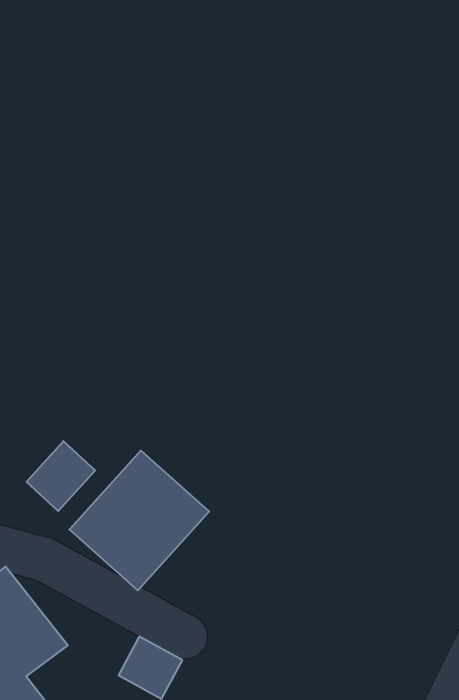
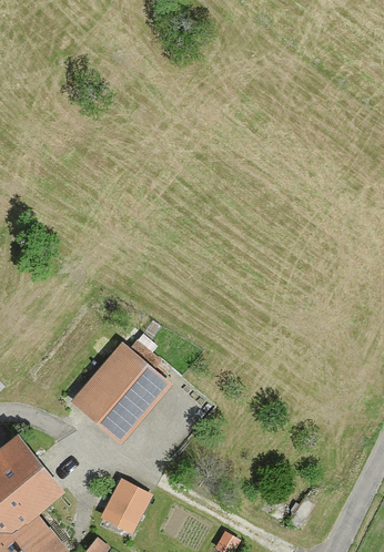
building: [27,441,95,511] -> none

